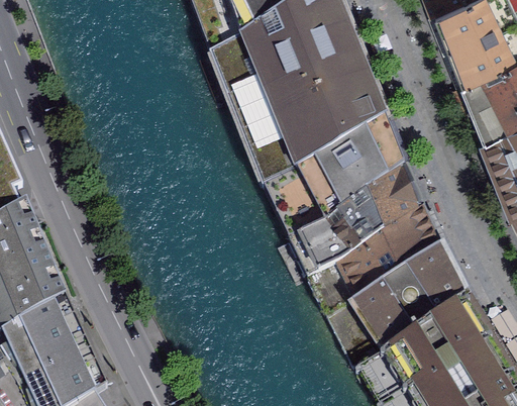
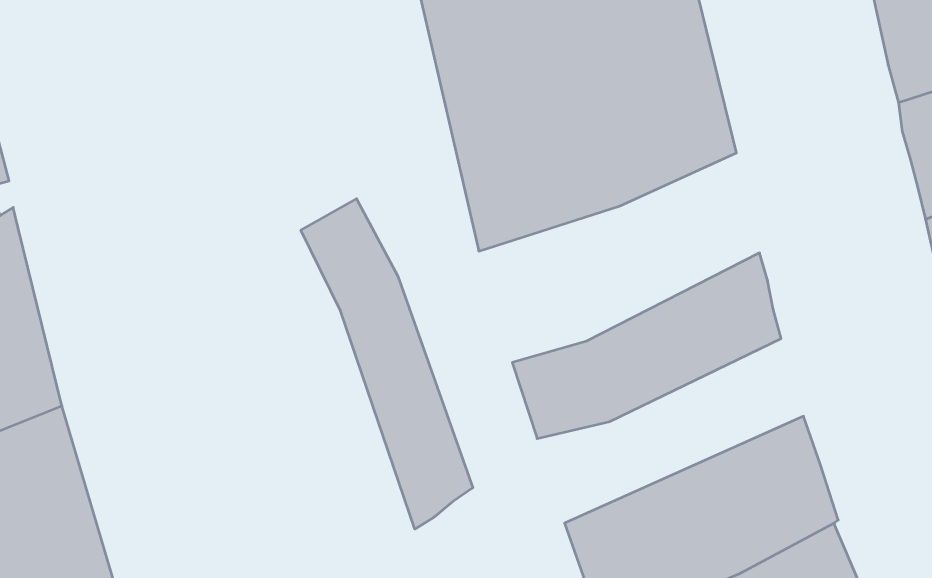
building: [260,105,401,227] -> none
building: none -> [301,199,473,529]
building: [303,195,435,304] -> none

